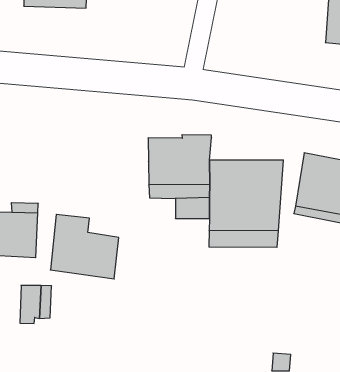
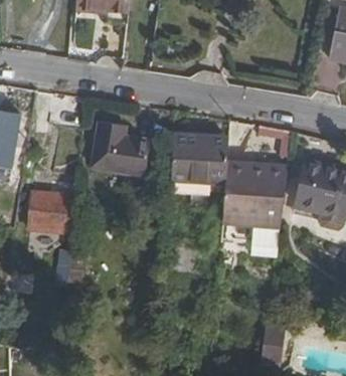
building: [50,214,119,279] -> [86,117,147,175]

